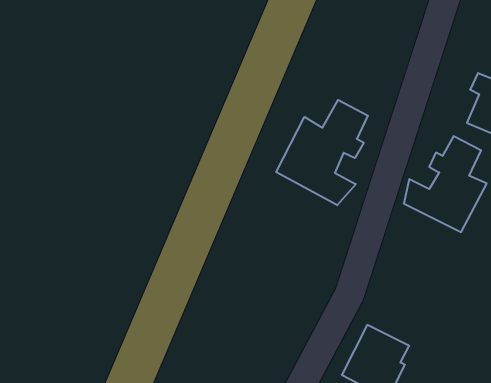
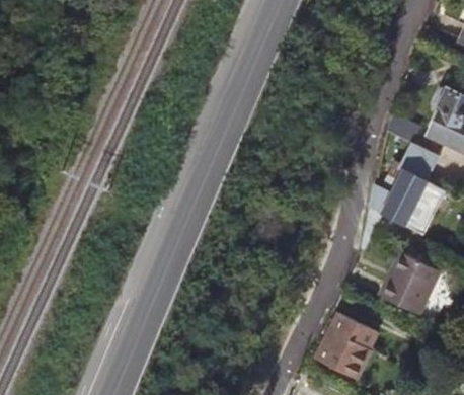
building: [276,100,368,205] -> none
building: none -> [380,253,442,317]

